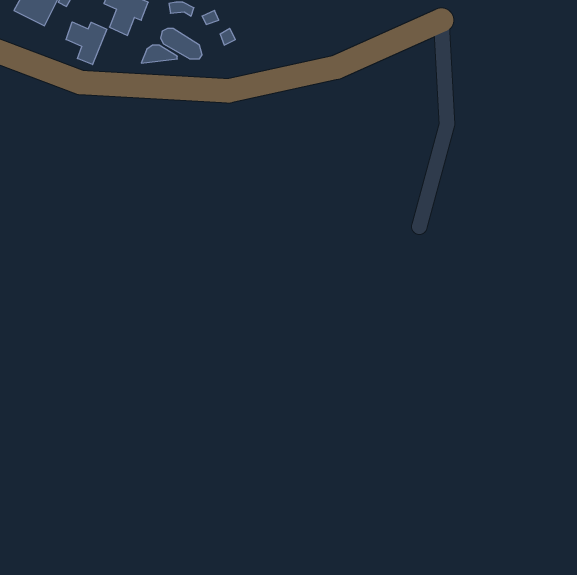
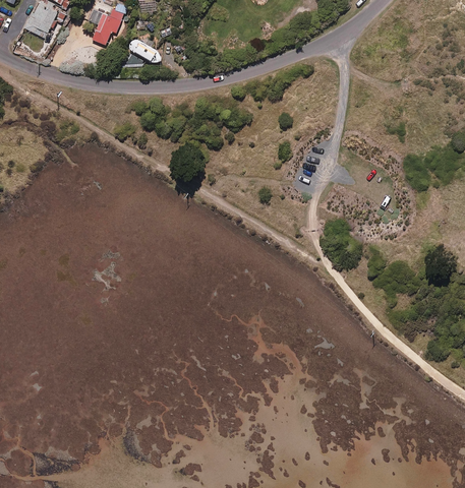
building: [66,22,107,65] -> none

